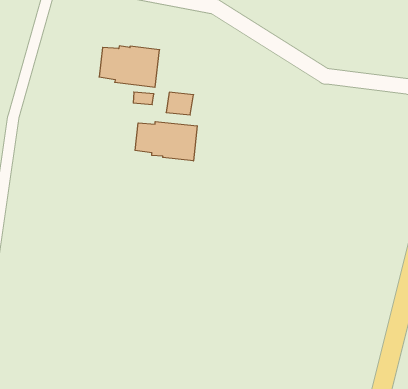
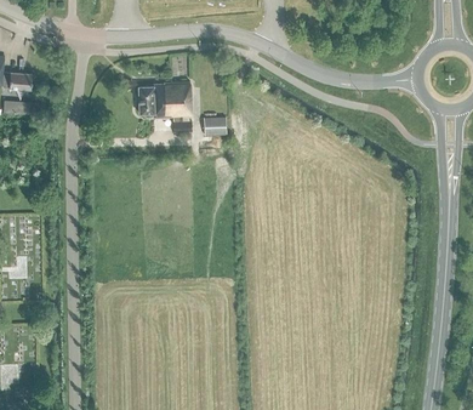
building: [135,122,197,161] -> none

